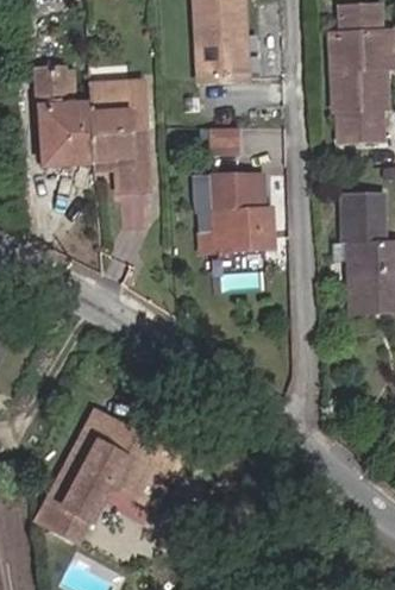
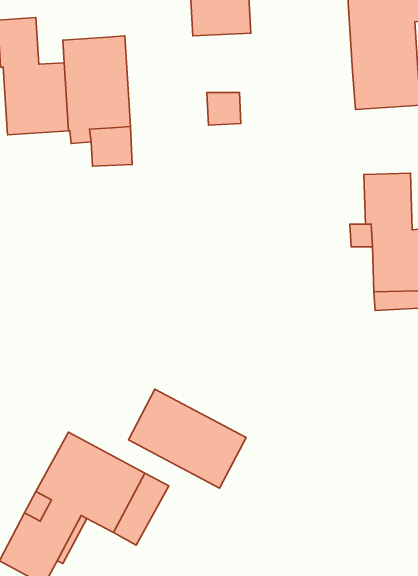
building: [193,175,274,252] -> none
building: none -> [128,389,246,488]

